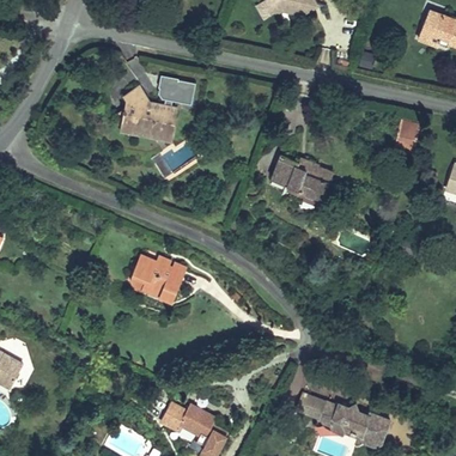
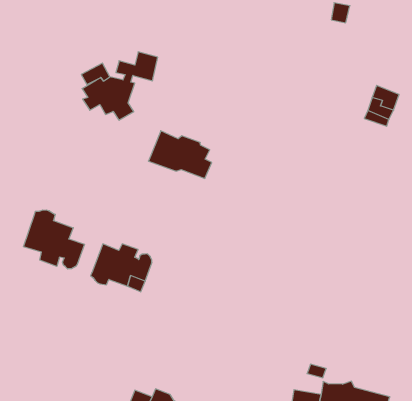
building: [269,153,328,200] -> [148,131,212,178]
building: none -> [24,210,85,269]

